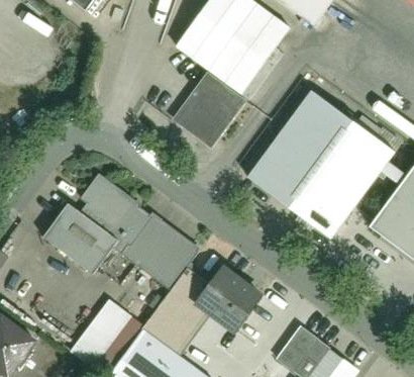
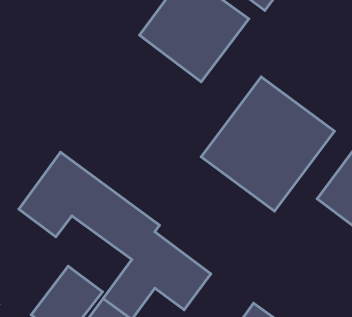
building: [174,72,246,148] -> none

